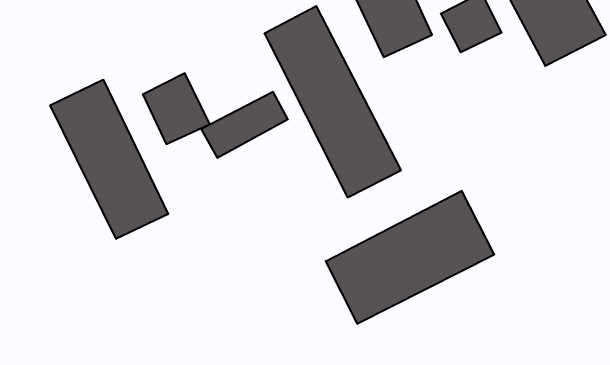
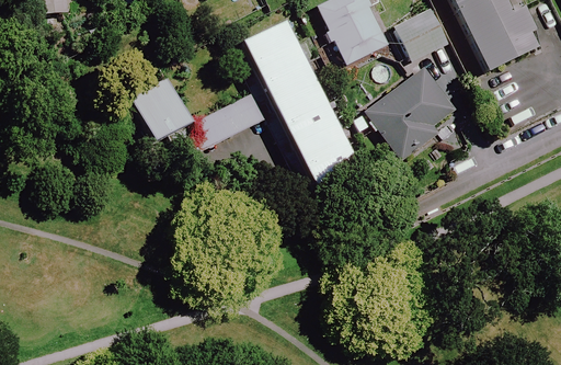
building: none -> [365,67,455,160]
building: [50,80,168,239] -> none
building: [326,191,494,324] -> none

